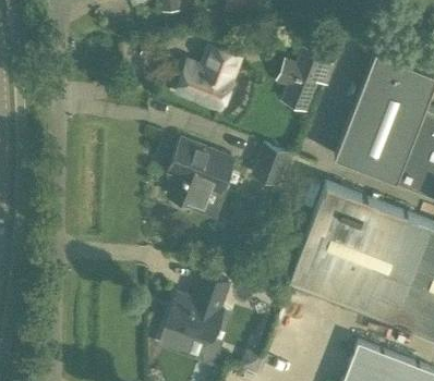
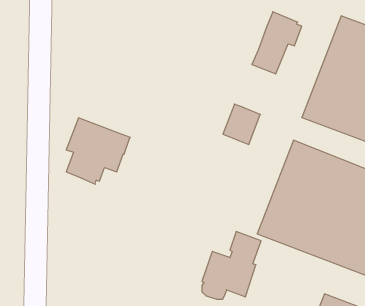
building: [176,47,240,110] -> none
building: [168,139,236,209] -> [66,118,130,184]
building: [166,274,228,345] -> [202,232,261,299]

